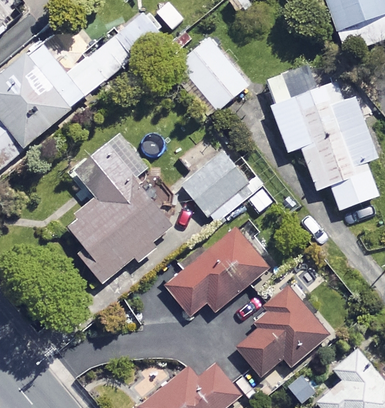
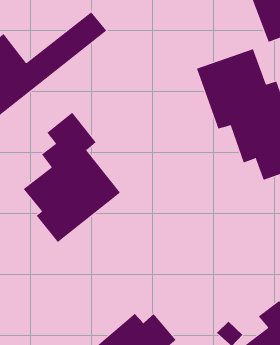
building: [179,37,248,110] -> none
building: [181,151,247,218] -> none
building: [162,223,269,316] -> none
building: [232,287,330,376] -> none

